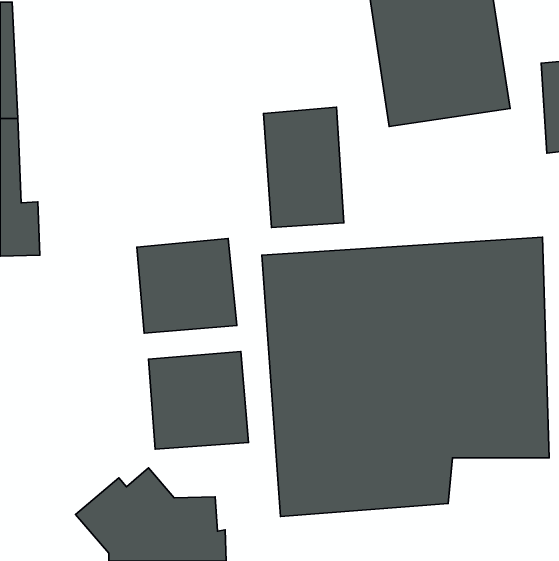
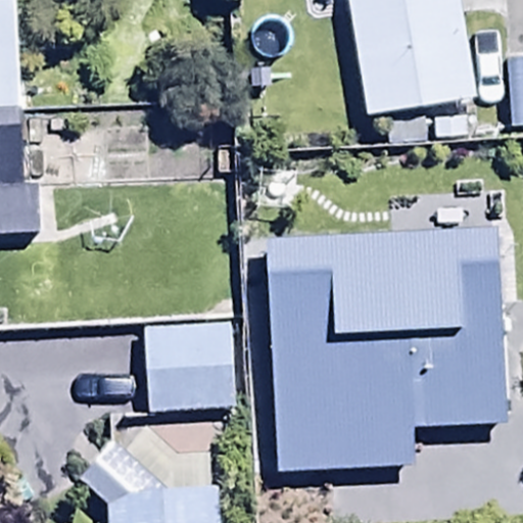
building: [263,107,344,227] -> none
building: [137,239,237,333] -> none

